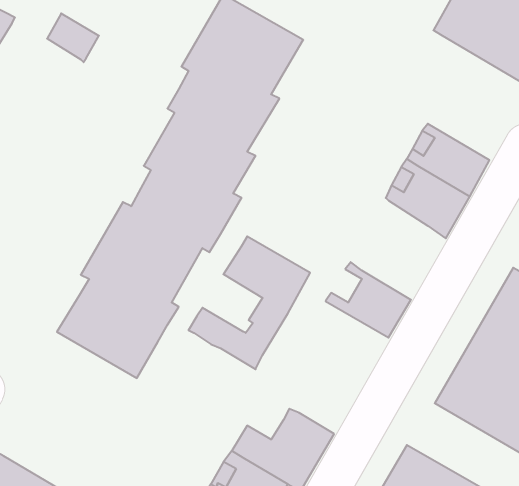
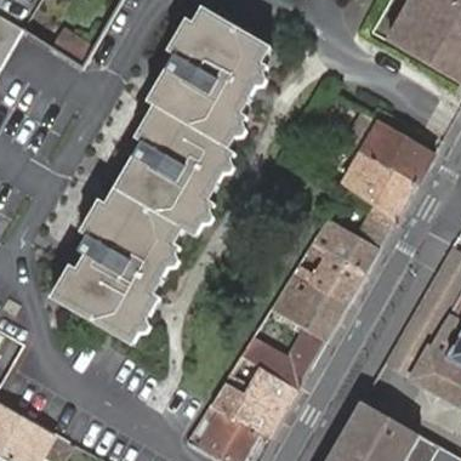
building: none -> [313,210,395,274]
building: [188,236,310,369] -> [240,275,346,391]

